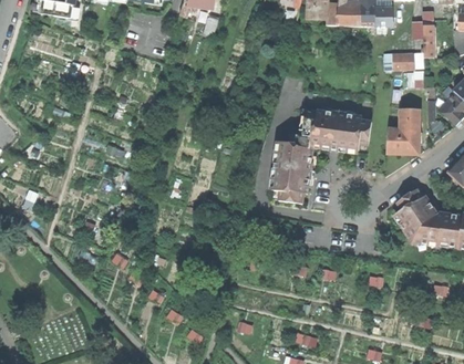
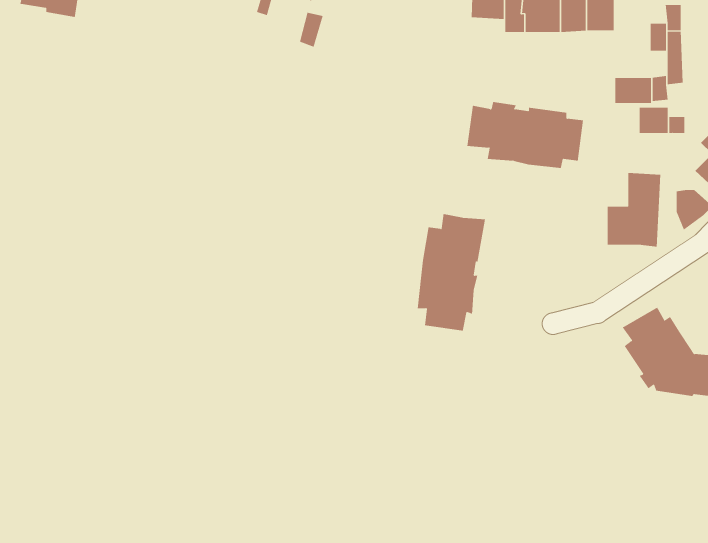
building: [301,110,371,149] -> [466,101,584,169]

